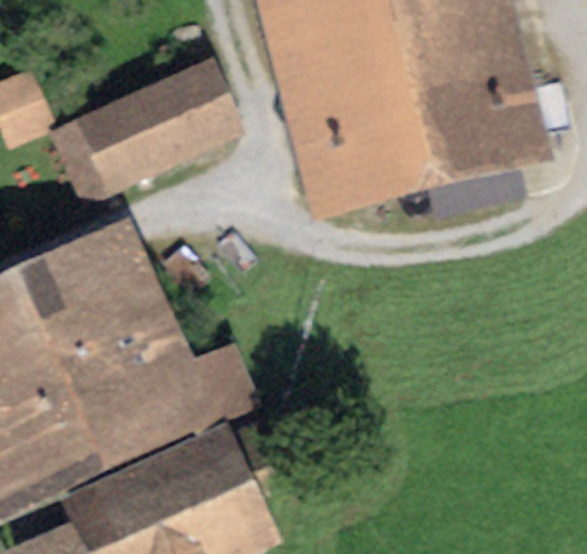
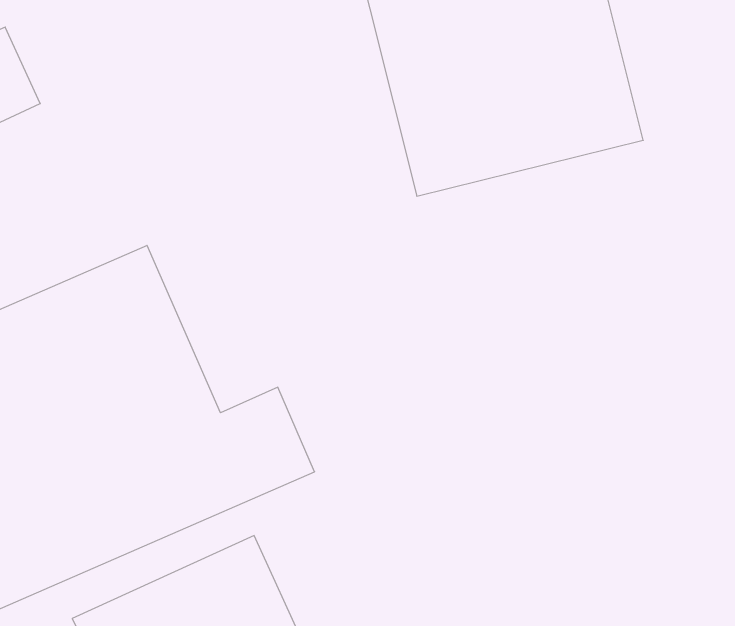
building: [48,59,237,202] -> none

